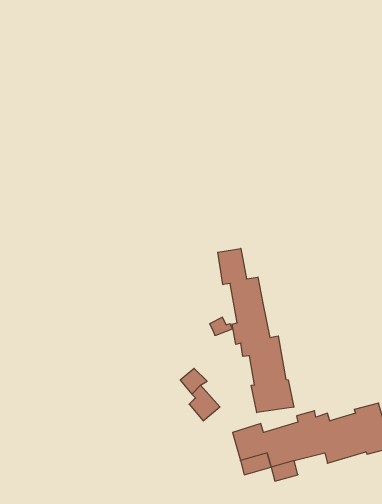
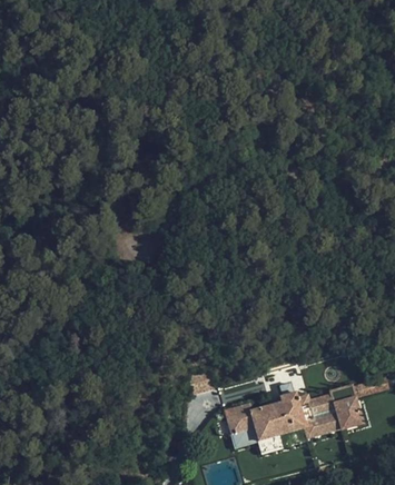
building: [218,248,294,413] -> none

